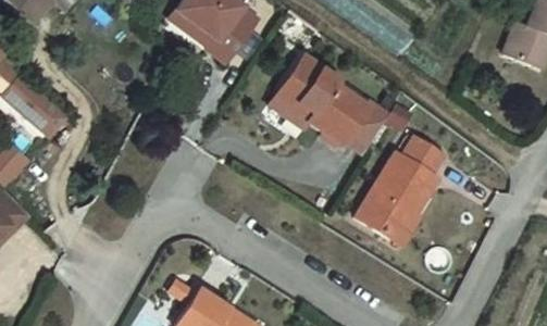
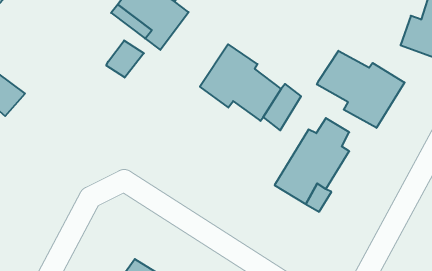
building: none -> [106,40,144,78]
building: none -> [317,51,405,128]

